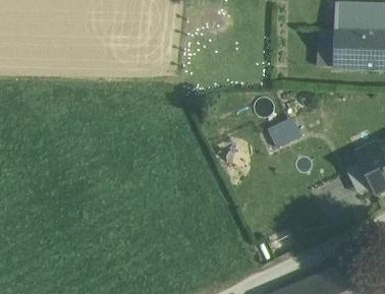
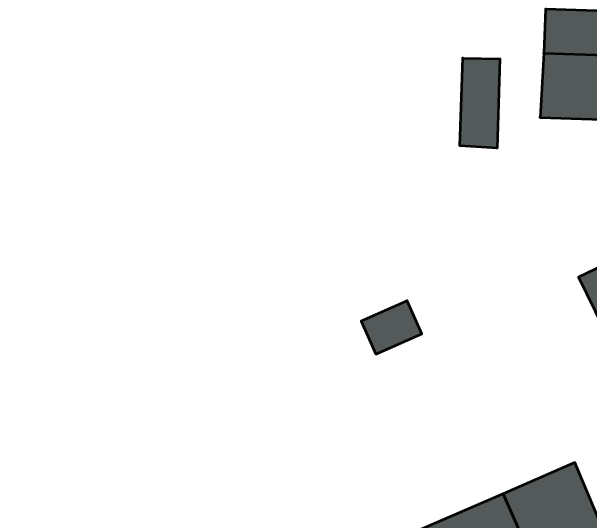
building: none -> [460,58,500,148]
building: [268,119,301,149] -> [361,301,422,354]

